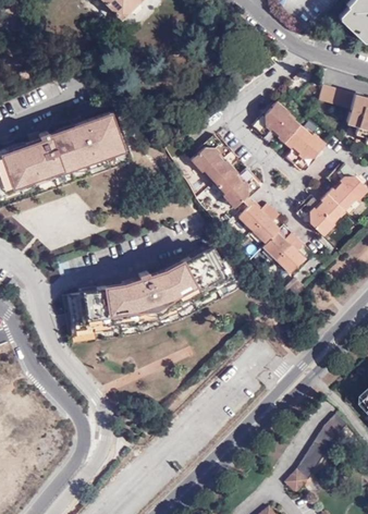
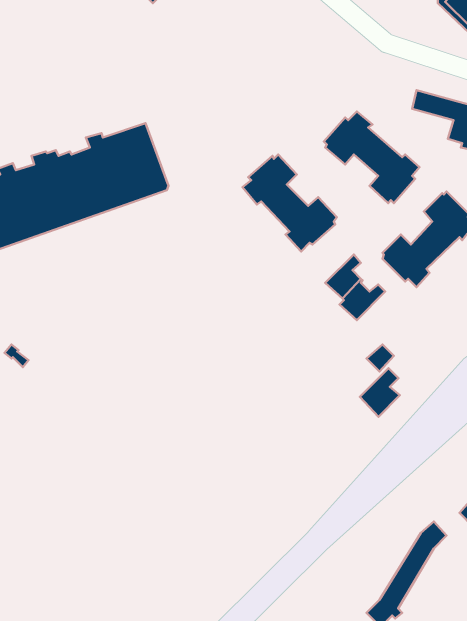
building: [238,203,274,231] -> none
building: [277,237,307,274] -> [360,368,400,417]
building: [64,245,245,343] -> none

